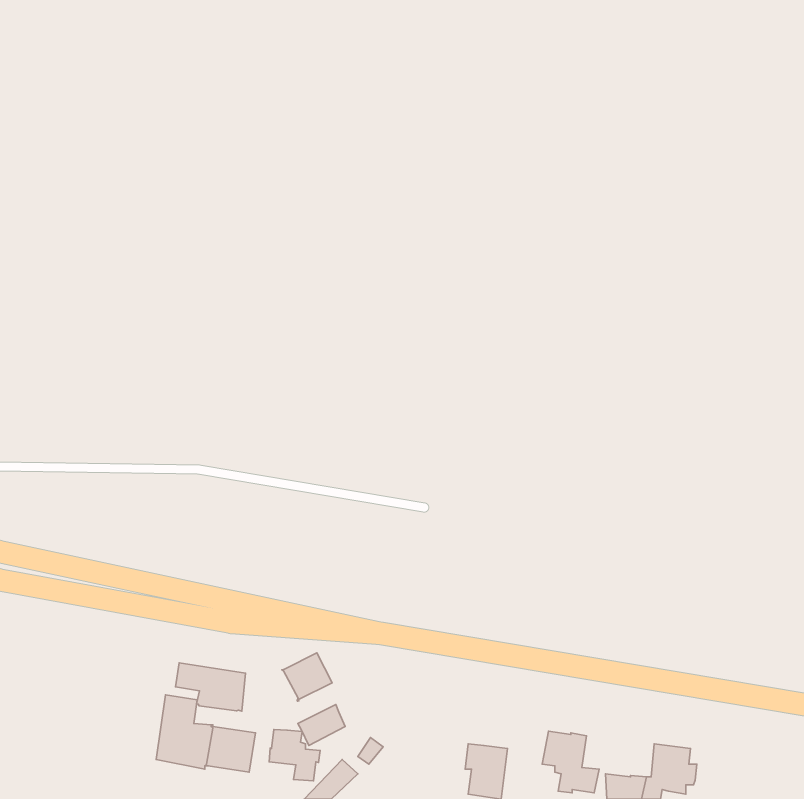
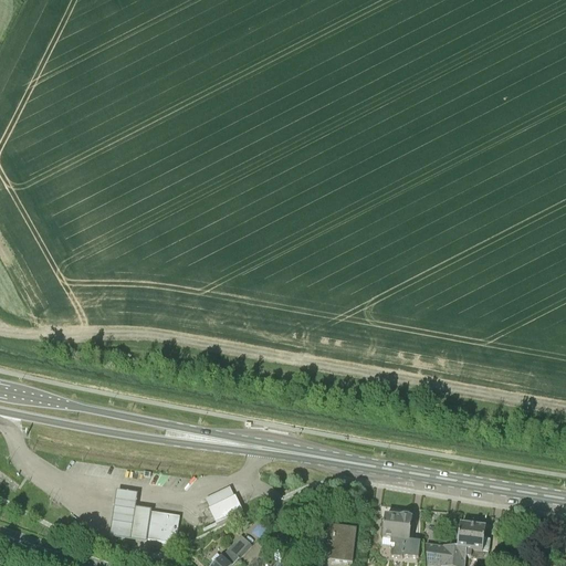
building: [282,653,332,701] -> none
building: [175,663,245,711] -> none
building: [269,729,320,781] -> none

